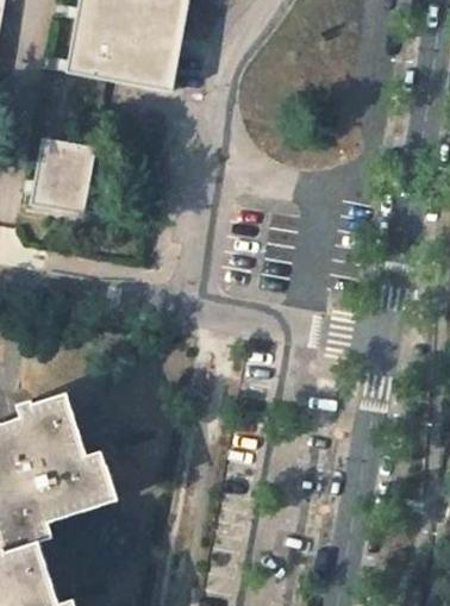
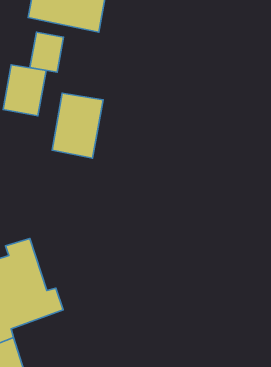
building: none -> [30,32,63,72]
building: none -> [52,93,103,158]

